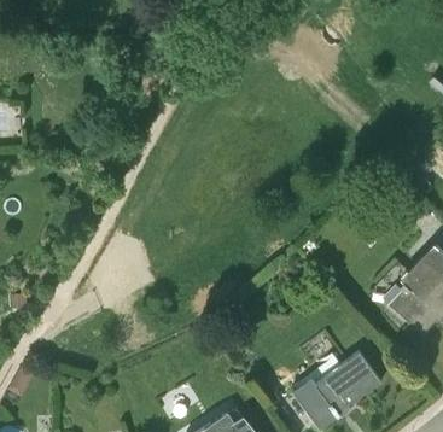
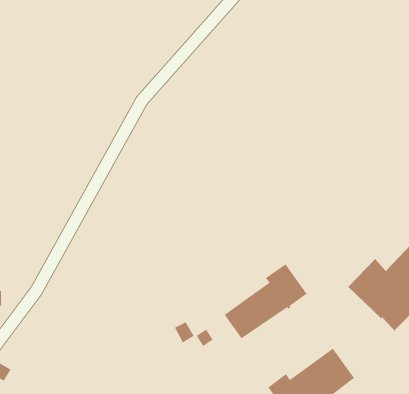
building: none -> [224,263,308,339]

